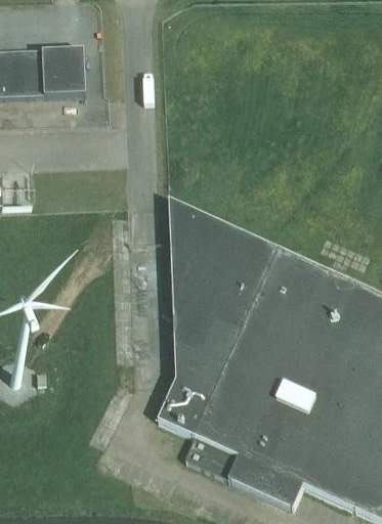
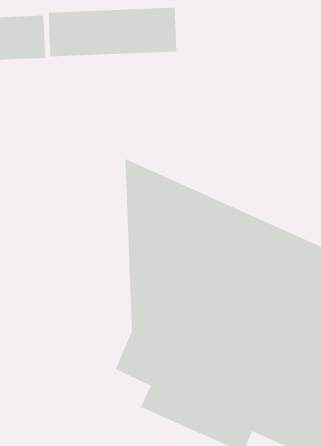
building: none -> [48,7,177,57]

